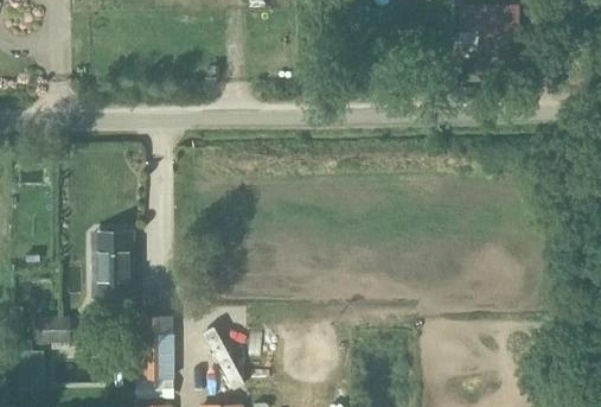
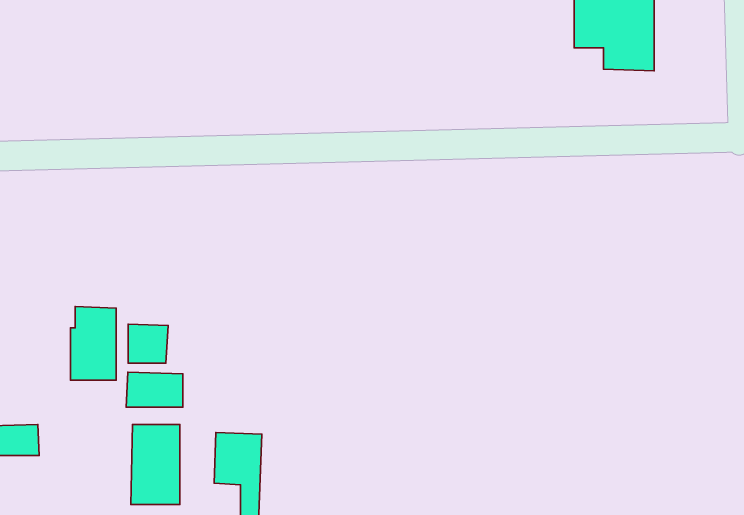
building: none -> [128,324,168,363]
building: none -> [126,372,183,407]

